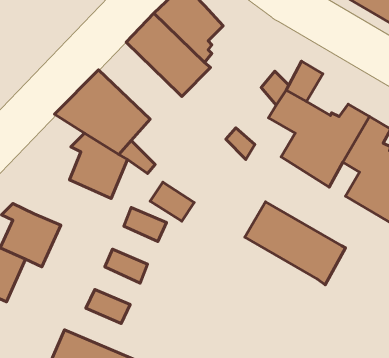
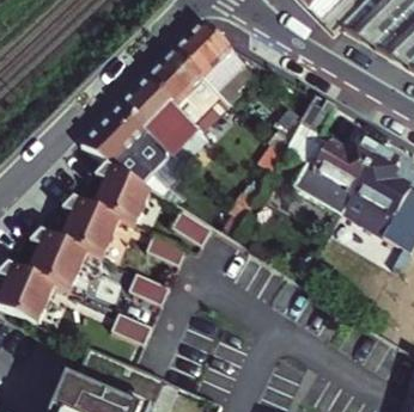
building: none -> [122,78,199,153]
building: none -> [61,198,118,258]
building: [245,202,346,285] -> none

